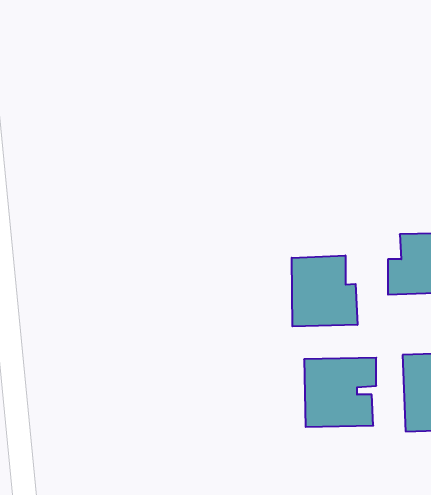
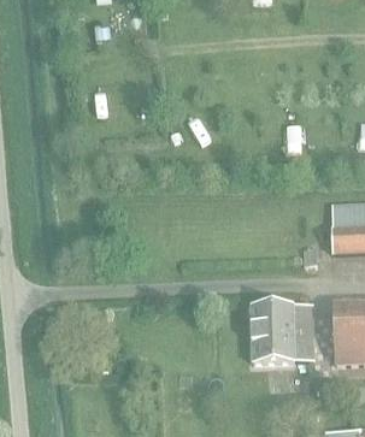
building: [292,255,357,326] -> none

